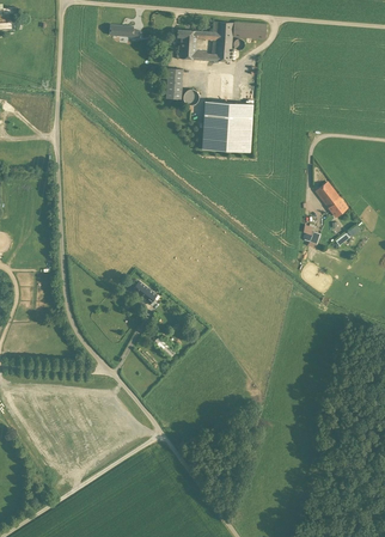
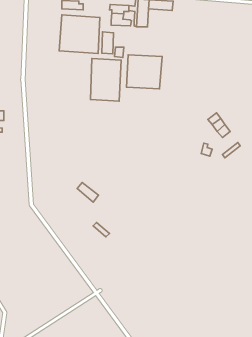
building: none -> [59,15,100,54]
building: none -> [91,58,121,101]

